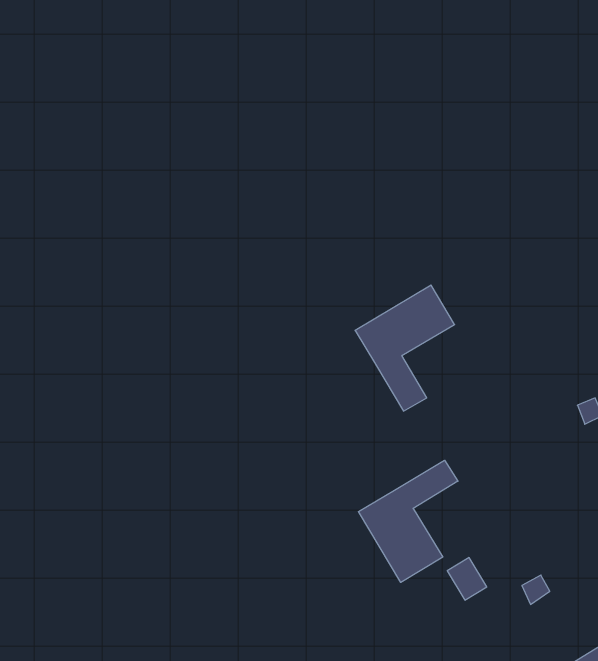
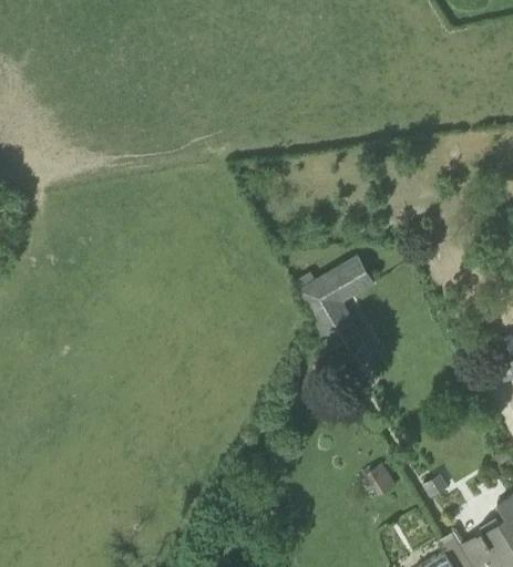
building: [358,460,458,582] -> none

